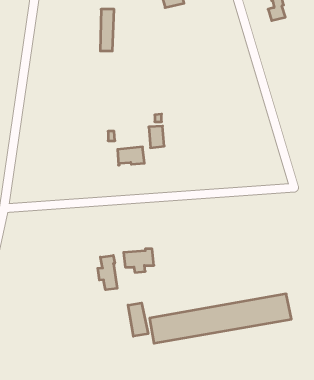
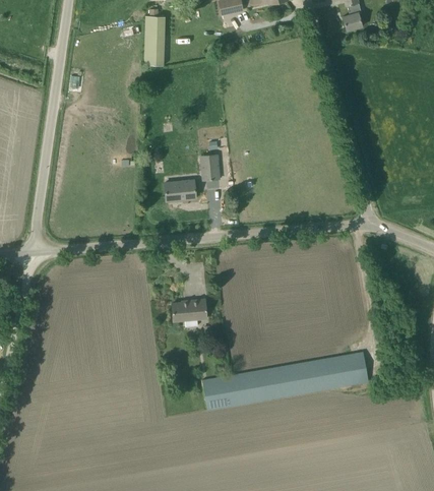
building: [98,255,117,290] -> none
building: [128,303,148,336] -> none

